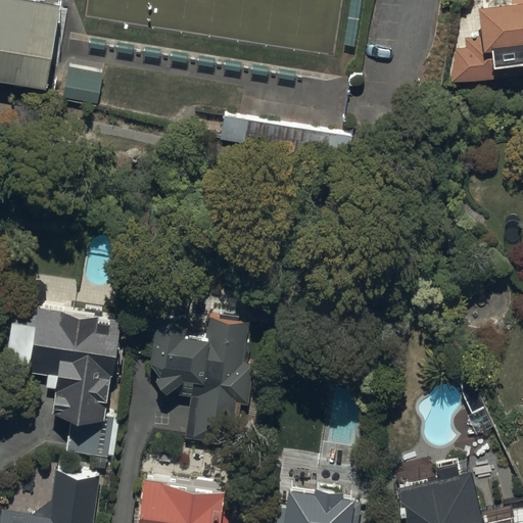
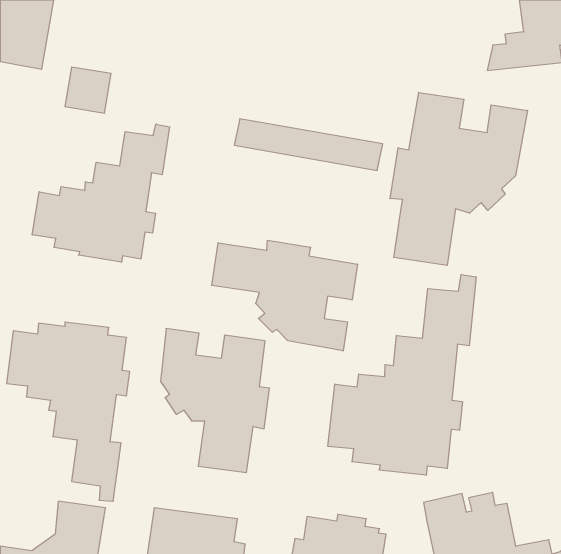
building: none -> [390,92,528,265]
building: none -> [32,124,170,262]
building: none -> [212,240,357,351]
building: none -> [328,274,476,475]

